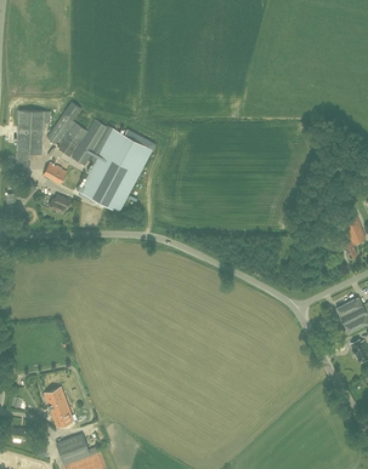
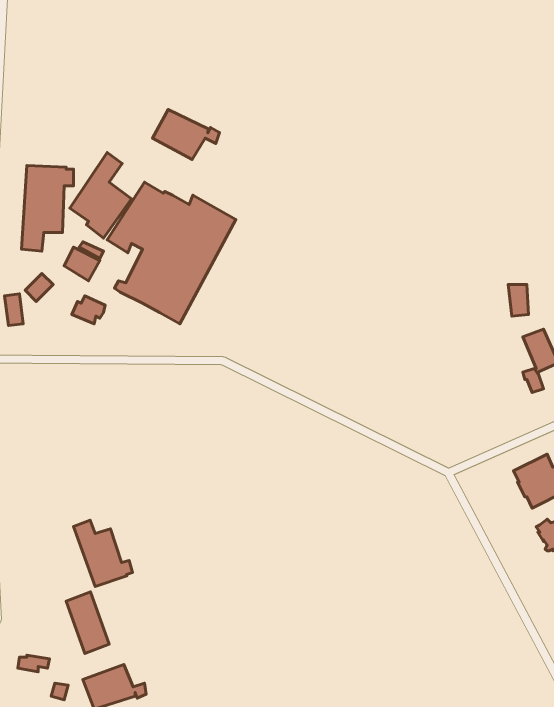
building: none -> [152,110,219,159]
building: none -> [74,520,133,586]

